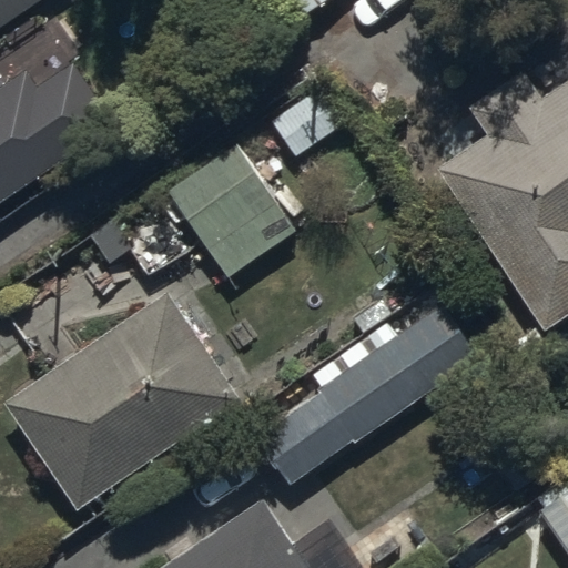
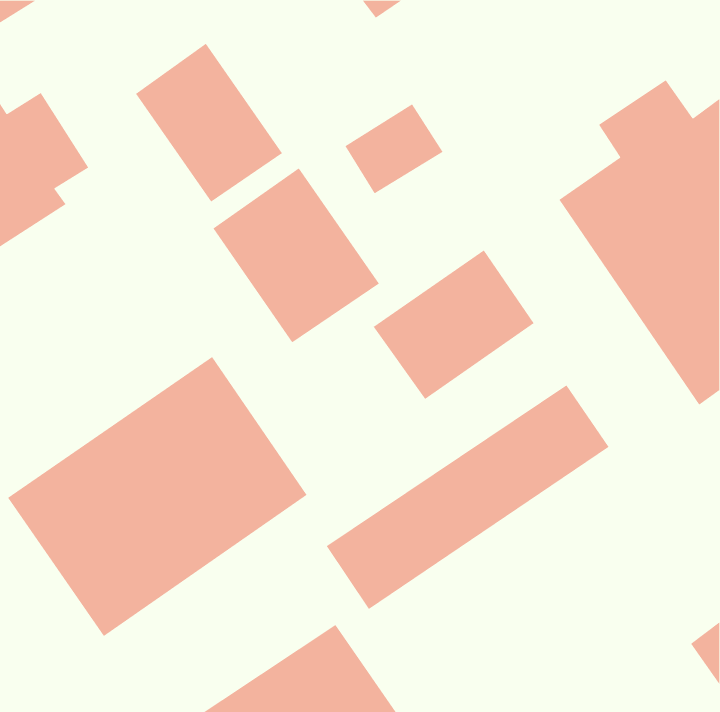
building: none -> [135,43,283,203]
building: none -> [373,249,534,400]

